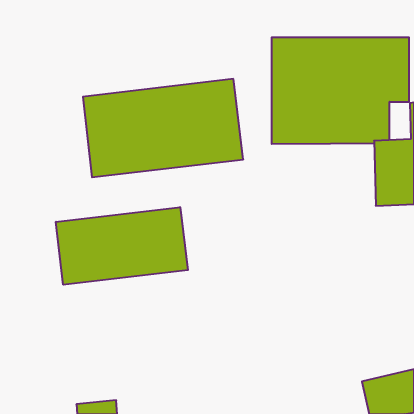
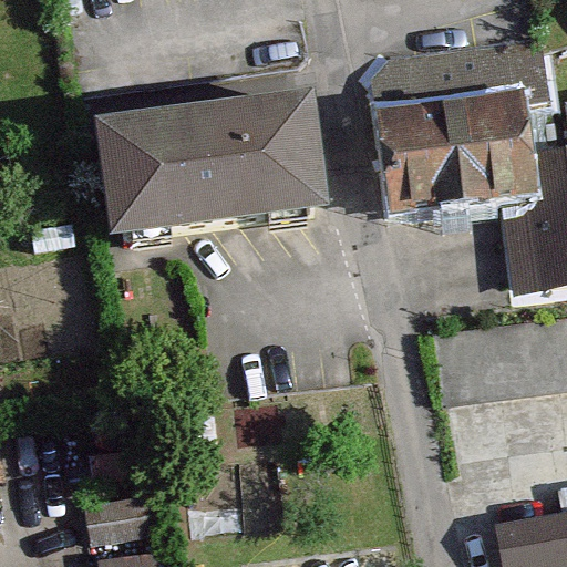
building: [56,207,188,285] -> none

